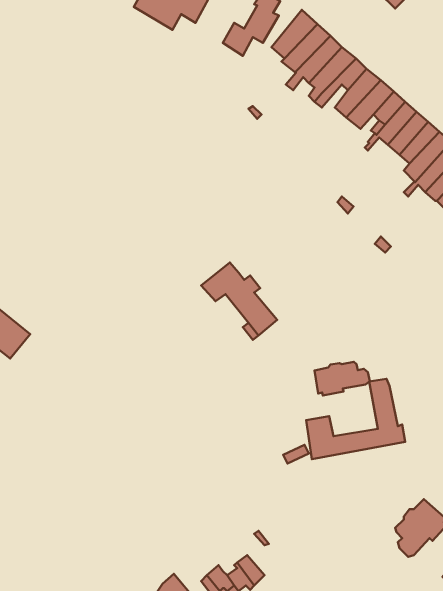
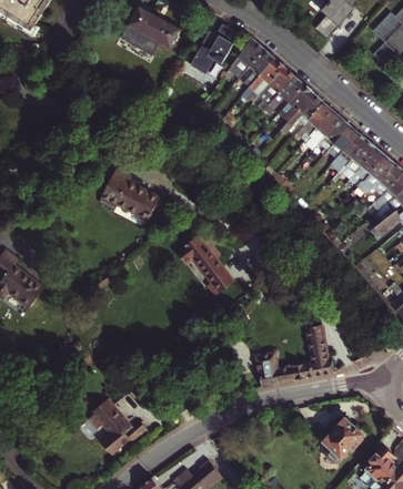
building: none -> [98,170,157,223]
building: [314,362,370,395] -> none
building: none -> [89,403,149,446]

